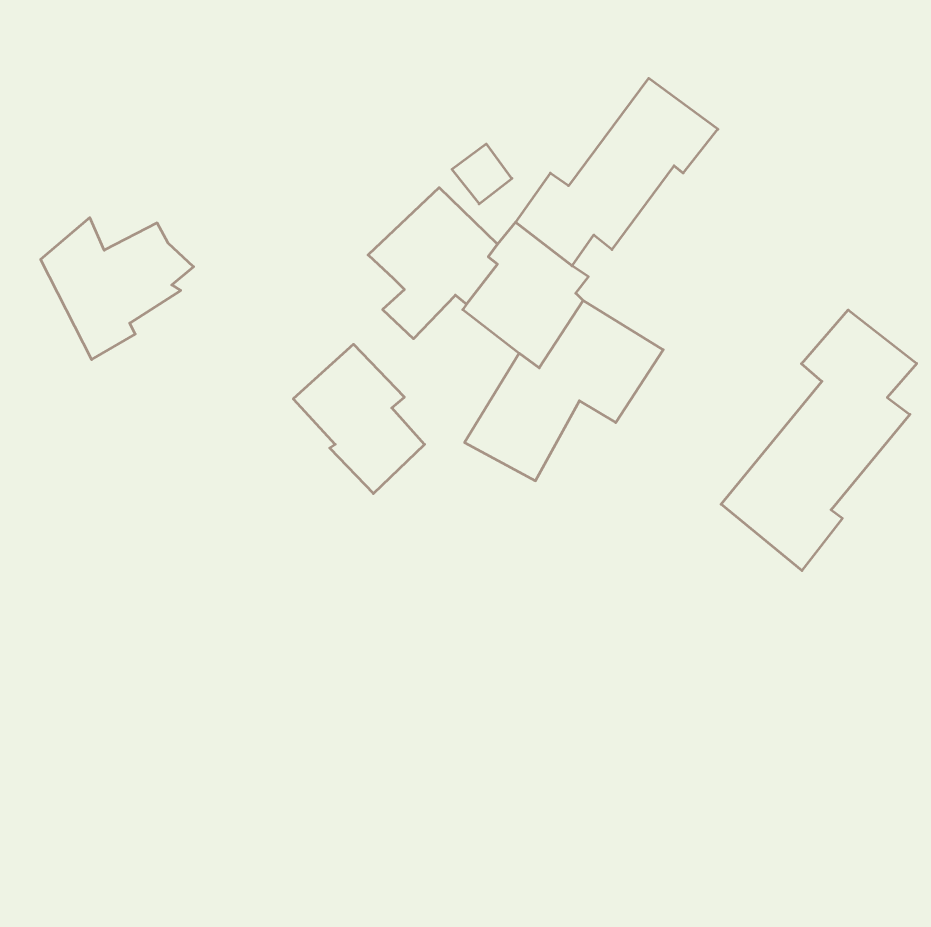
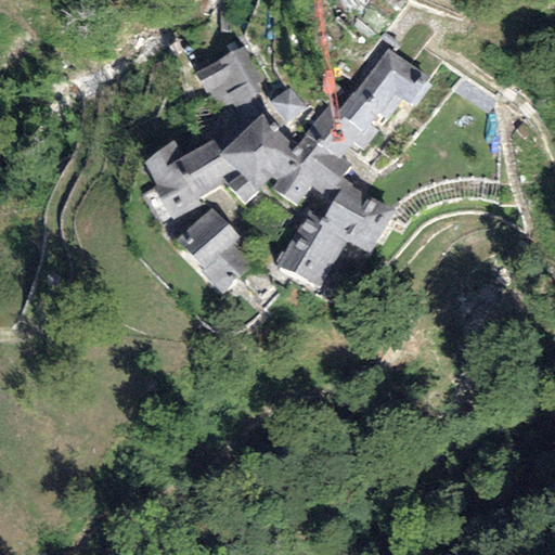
building: none -> [195,43,263,119]
building: [41,218,194,360] -> [143,137,234,221]
building: [721,310,917,571] -> none

